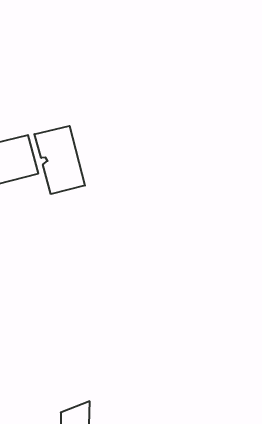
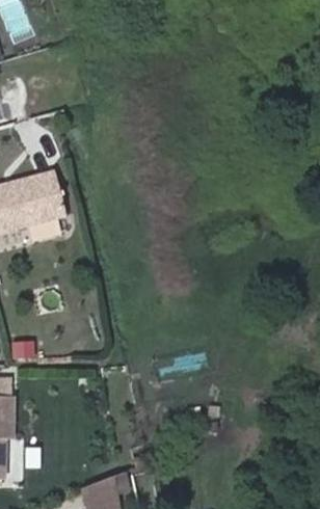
building: [34,126,85,194] -> none

